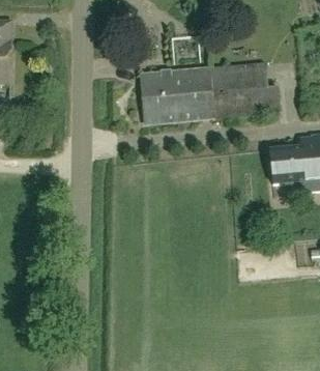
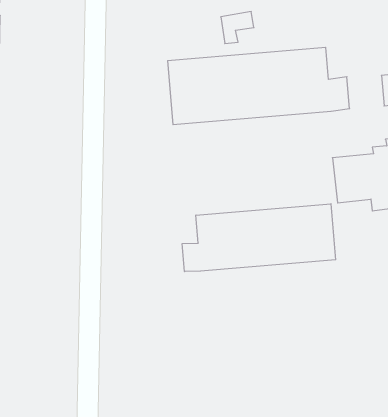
building: none -> [182,204,336,272]

